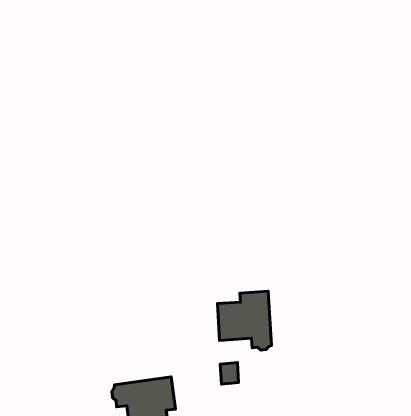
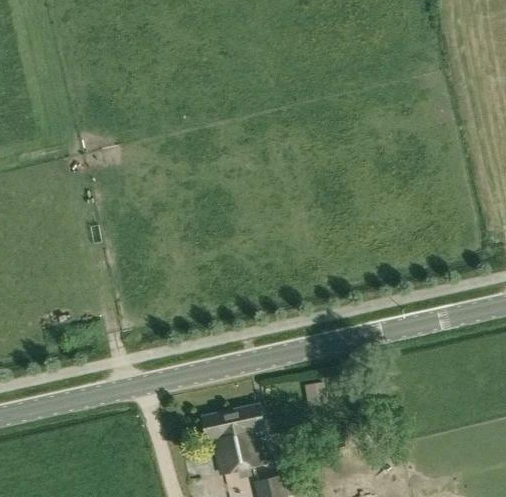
building: [217,291,271,350] -> none

